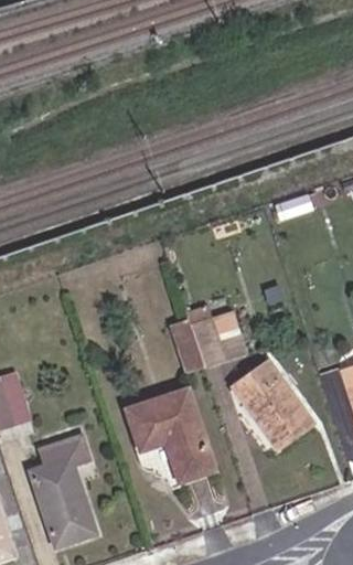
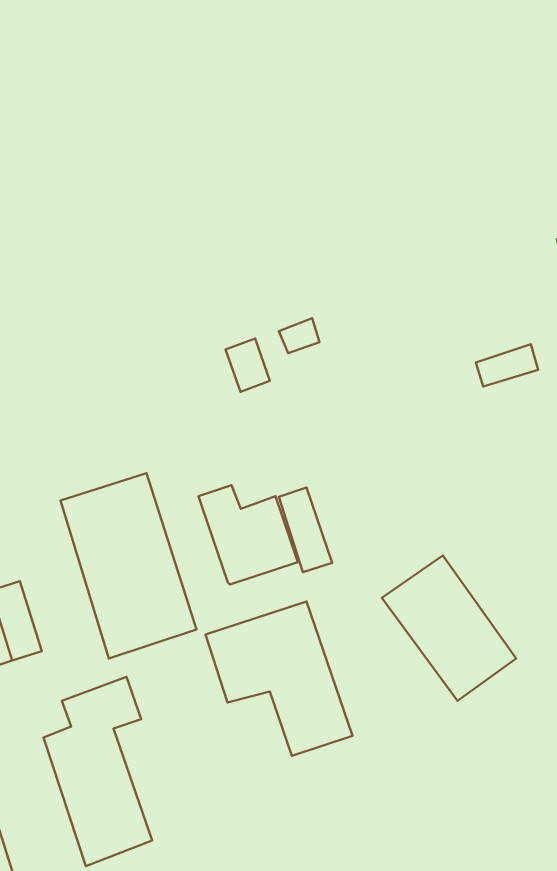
building: [185,307,245,366] -> [198,485,298,584]
building: none -> [60,473,196,659]

